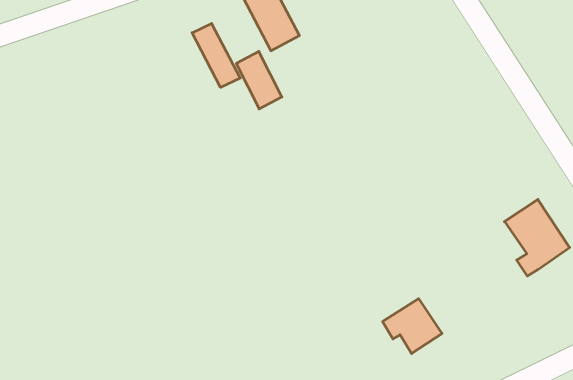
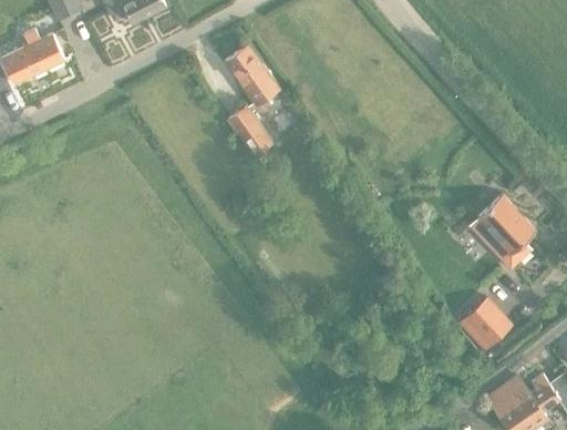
building: [192,23,240,87] -> none
building: [383,299,442,354] -> [460,296,512,344]

